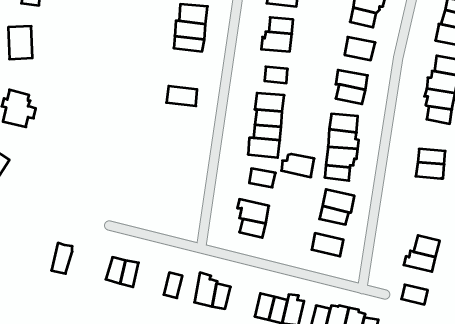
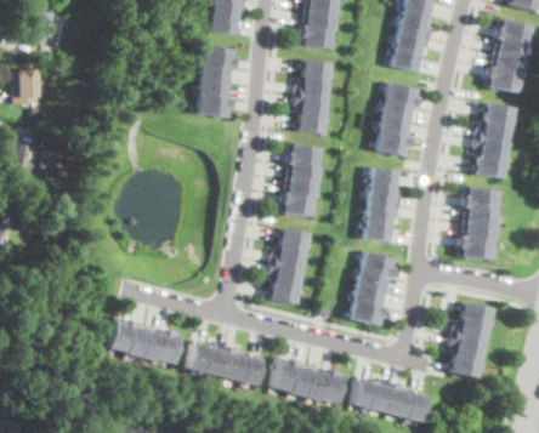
building: none -> [294,96,327,118]
building: none -> [380,101,416,125]
building: [166,86,197,106] -> [195,95,229,116]
building: none -> [467,188,500,209]
building: [281,154,314,177] -> [271,244,307,269]
building: none -> [463,237,494,258]
building: none -> [354,284,388,307]
building: [51,243,72,274] -> [107,317,130,351]
building: none -> [153,329,178,363]
building: none -> [450,335,484,363]
building: none -> [202,342,227,376]
building: none -> [270,357,296,392]

